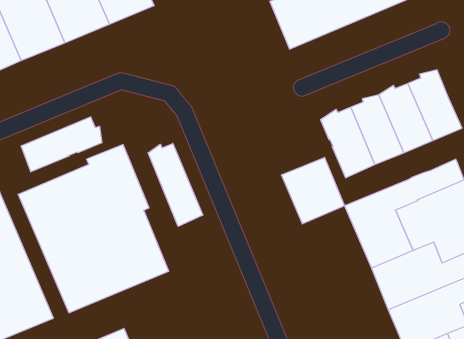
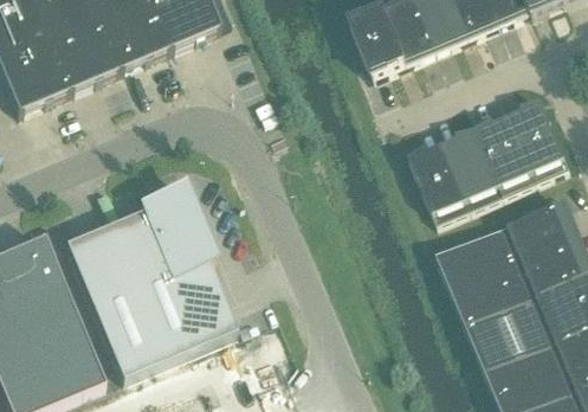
building: [21,117,102,172] -> none
building: [148,143,203,226] -> none
building: [282,157,345,224] -> none

